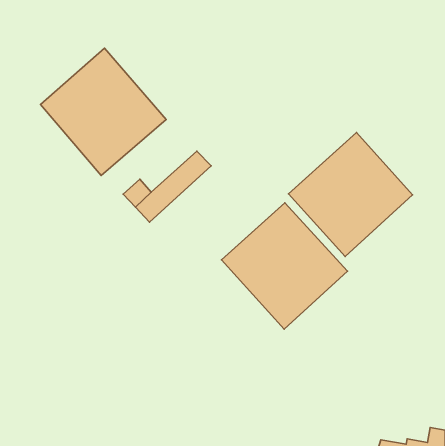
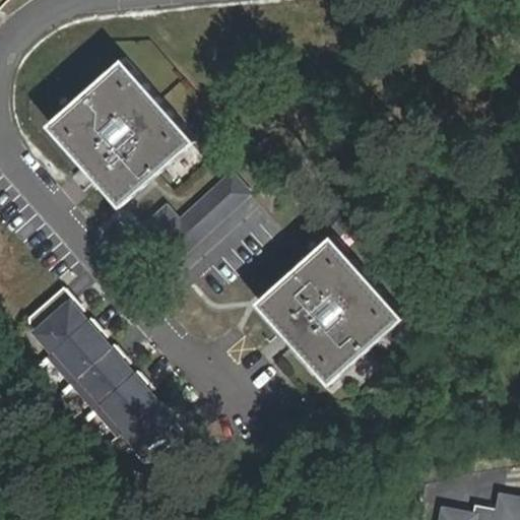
building: [289,132,412,256] -> none
building: none -> [25,287,182,462]

